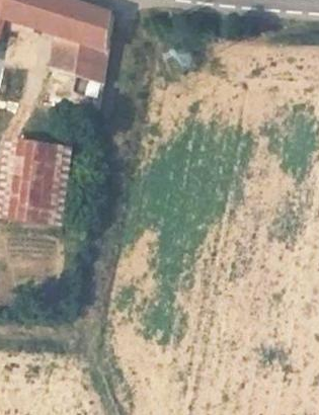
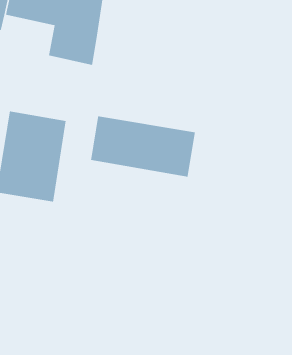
building: none -> [90,116,195,178]

